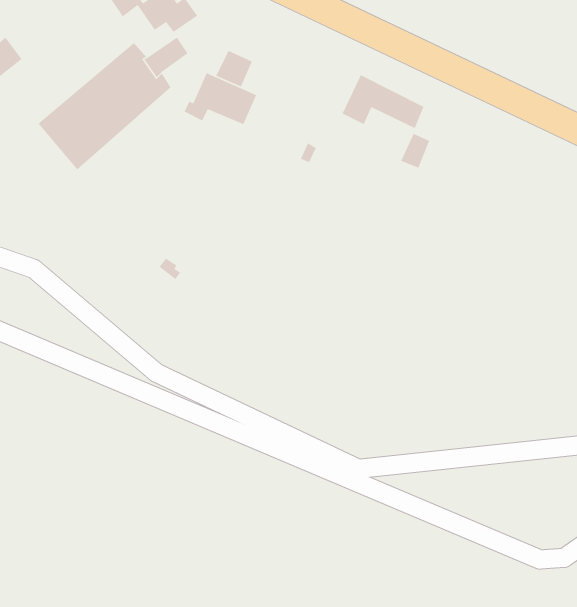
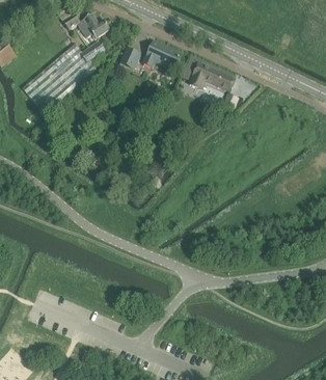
building: [183,72,257,125] -> [141,40,182,70]

